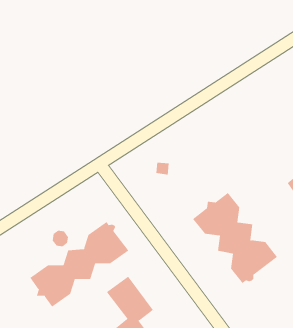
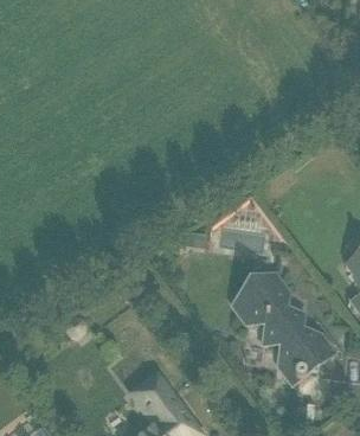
building: [30,221,129,307] -> none

